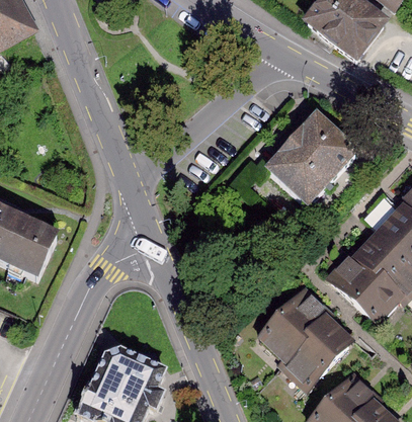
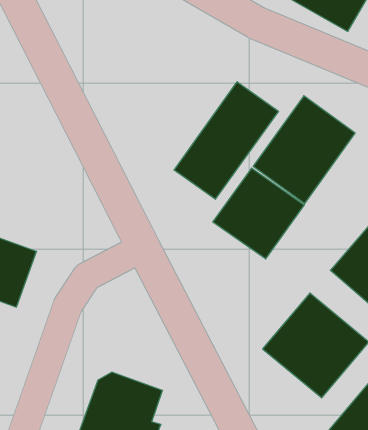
building: none -> [174,82,278,199]
building: none -> [213,168,304,259]

